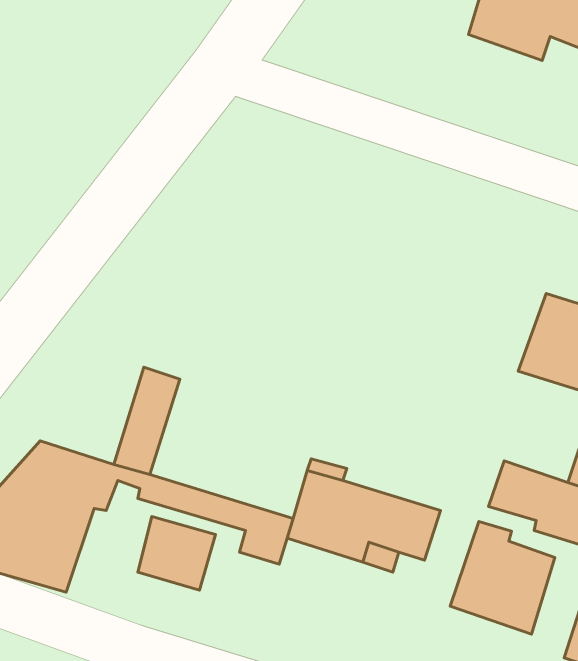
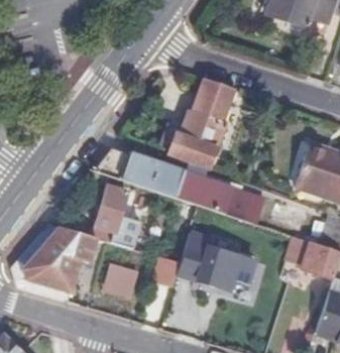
building: none -> [168,79,233,166]
building: none -> [105,147,260,223]
building: [450,521,555,634] -> none

